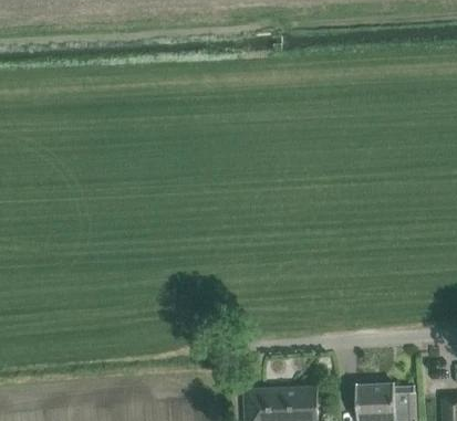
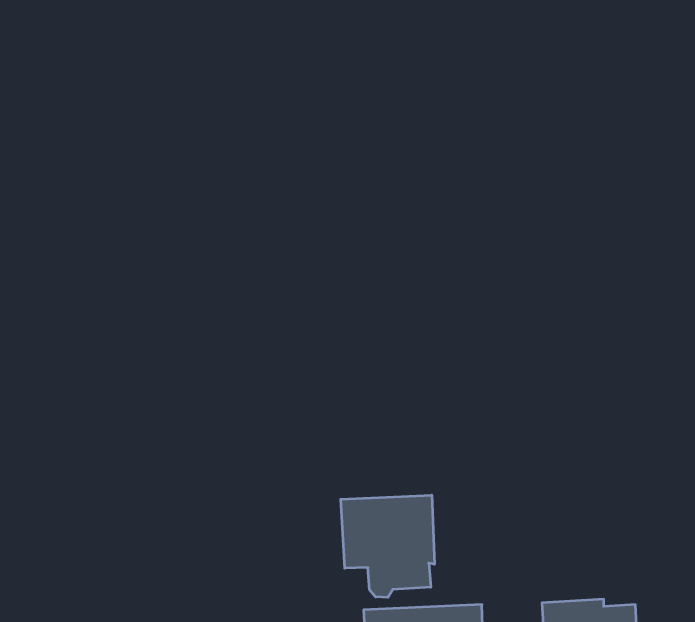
building: none -> [341,495,434,597]

